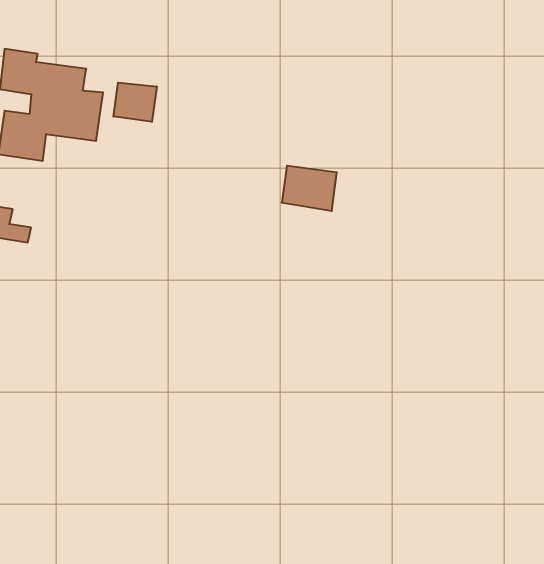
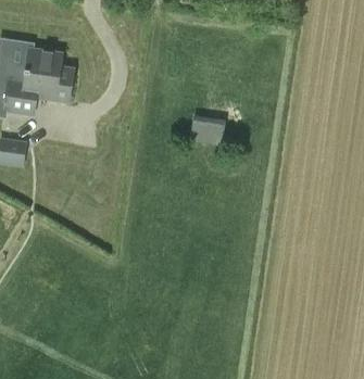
building: [113,83,157,122] -> none

